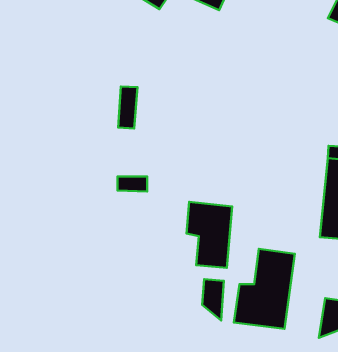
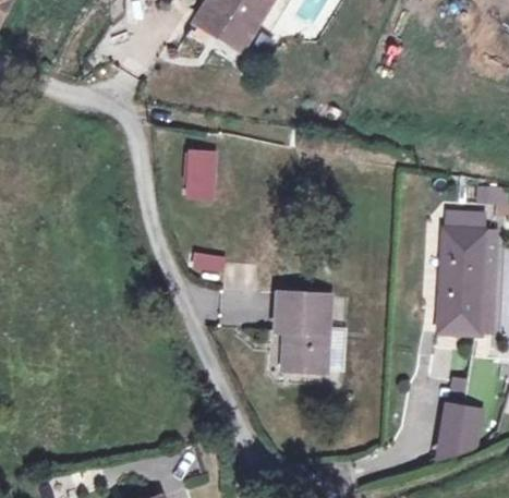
building: [234,249,295,329] -> none
building: [202,279,224,321] -> none

